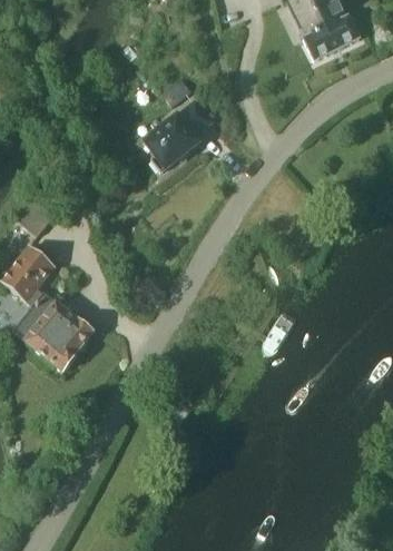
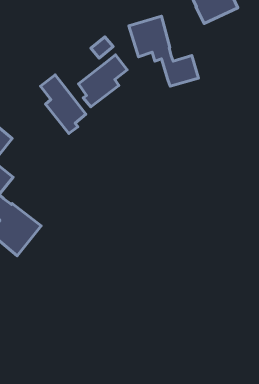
building: none -> [129,16,199,86]
building: none -> [41,75,86,134]

